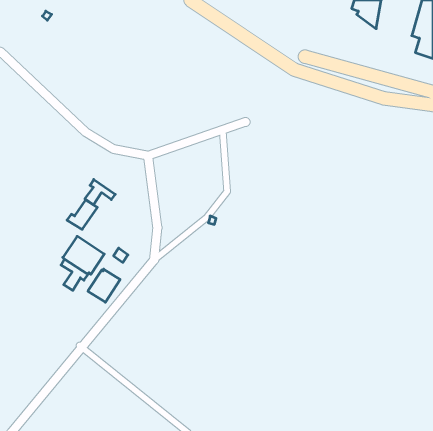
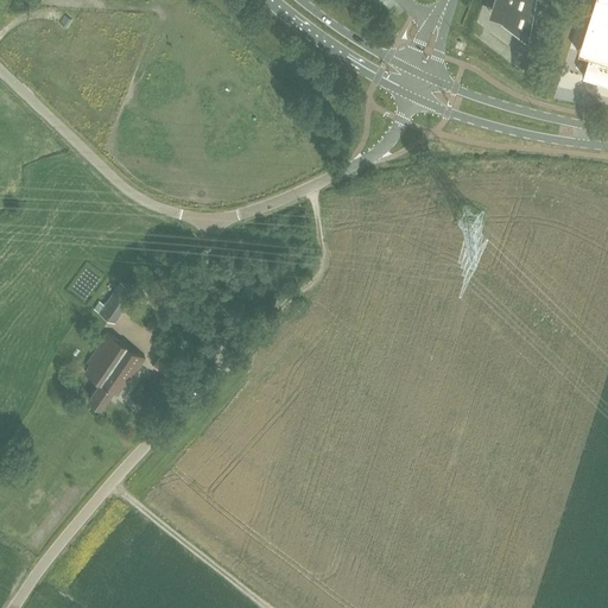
building: [85,179,115,205] -> none
building: [88,269,120,302] -> none

